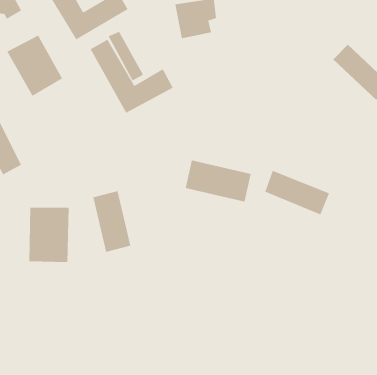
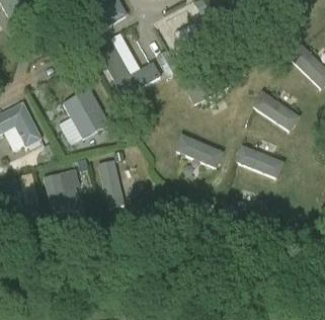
building: [6,35,63,96] -> [62,89,106,138]
building: none -> [249,88,298,131]

